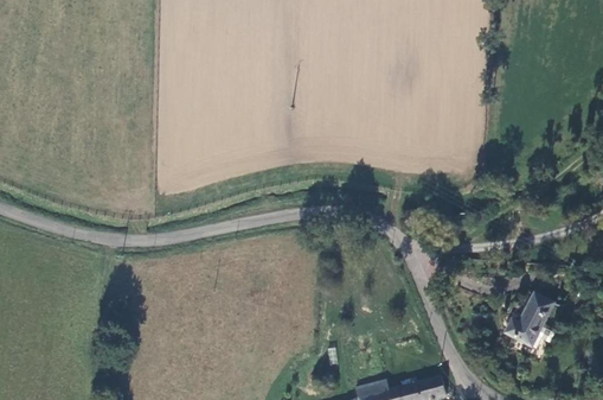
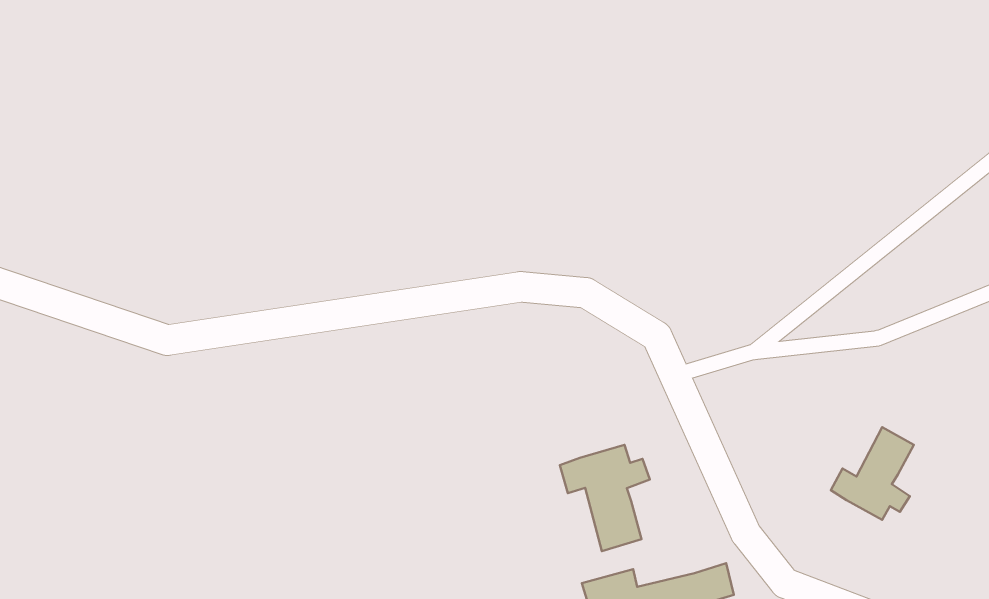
building: none -> [560,445,650,551]

